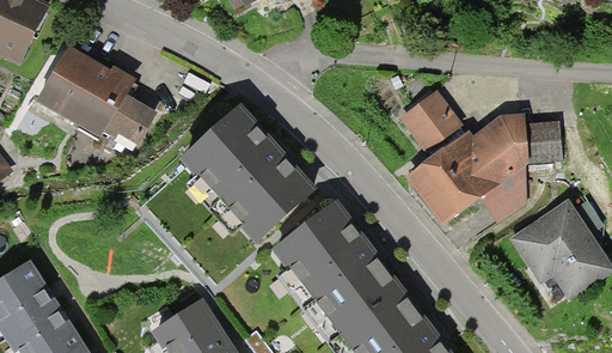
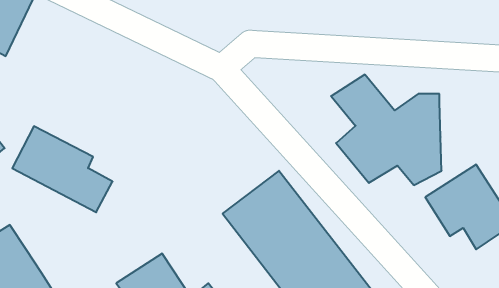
building: [37,43,154,144] -> [12,126,113,212]
building: [175,110,313,250] -> none
building: [527,124,559,165] -> none

